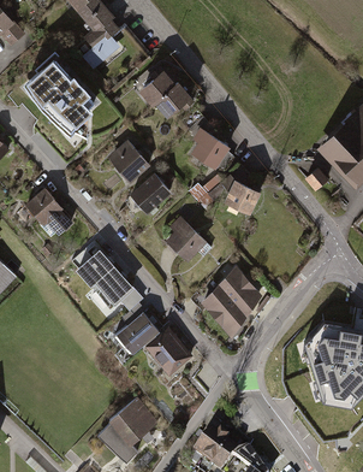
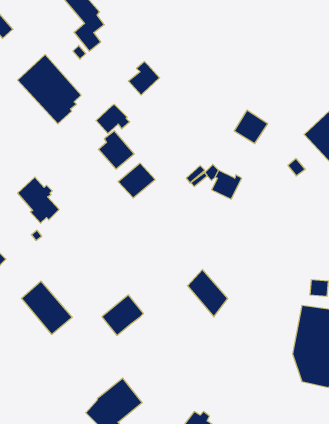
building: [157,84,192,114] -> [96,104,130,133]
building: [192,132,227,167] -> [234,110,268,144]
building: [168,223,210,259] -> none
building: [78,250,131,306] -> [21,281,72,334]
building: [219,269,258,315] -> none
building: [144,329,189,372] -> none

